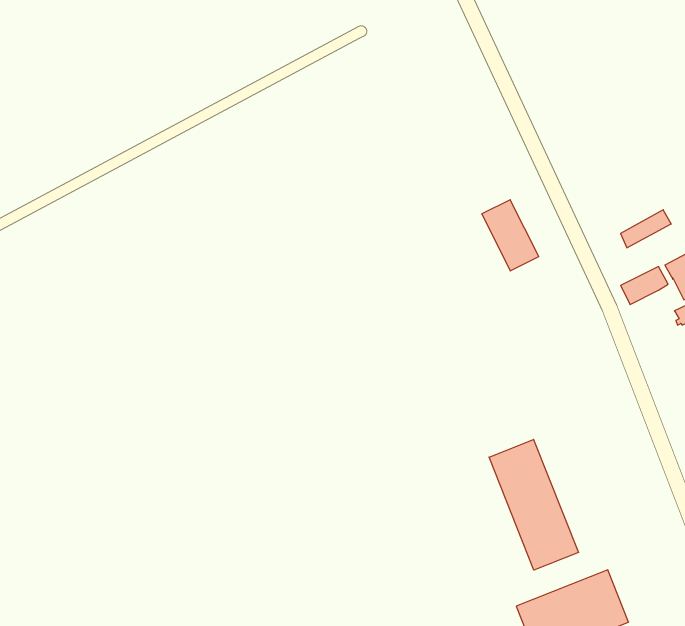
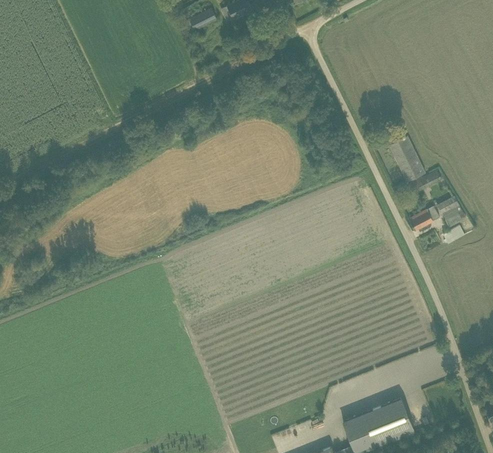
building: [482,200,539,271] -> [389,137,425,182]
building: [489,439,578,570] -> none

